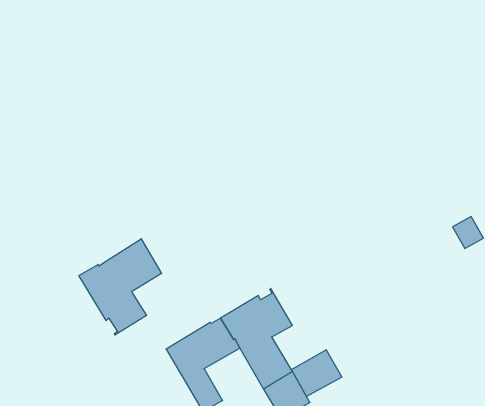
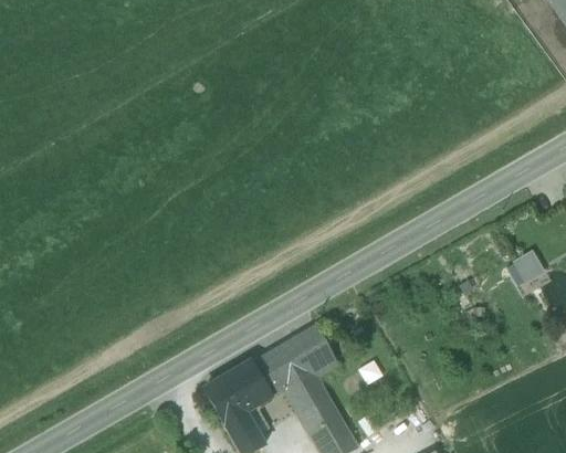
building: [79,239,162,335] -> none
building: [292,350,342,396] -> none

